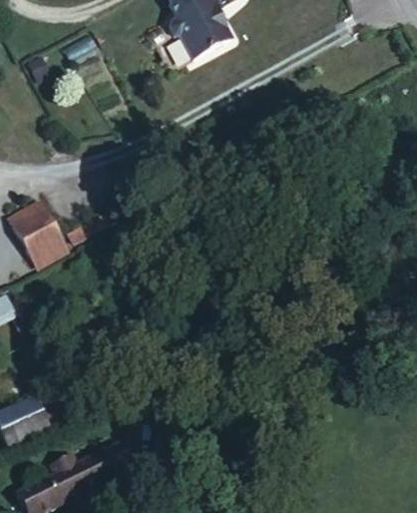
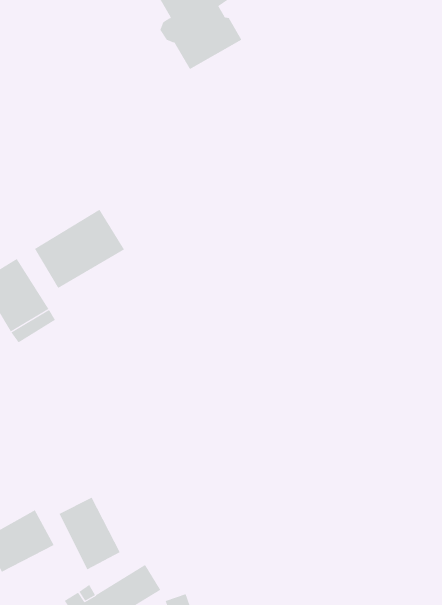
building: none -> [34,209,125,289]
building: none -> [59,497,121,570]

